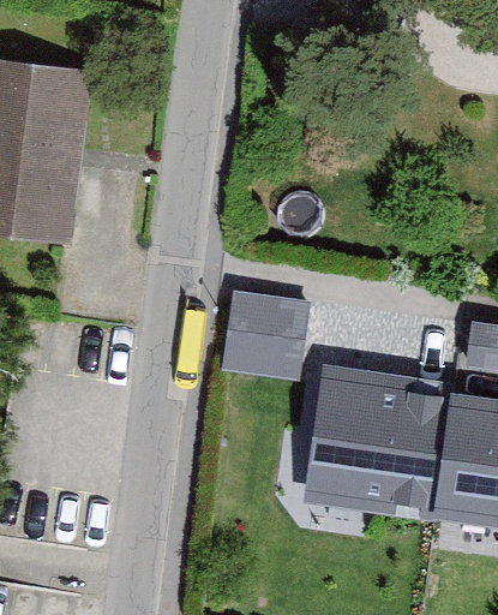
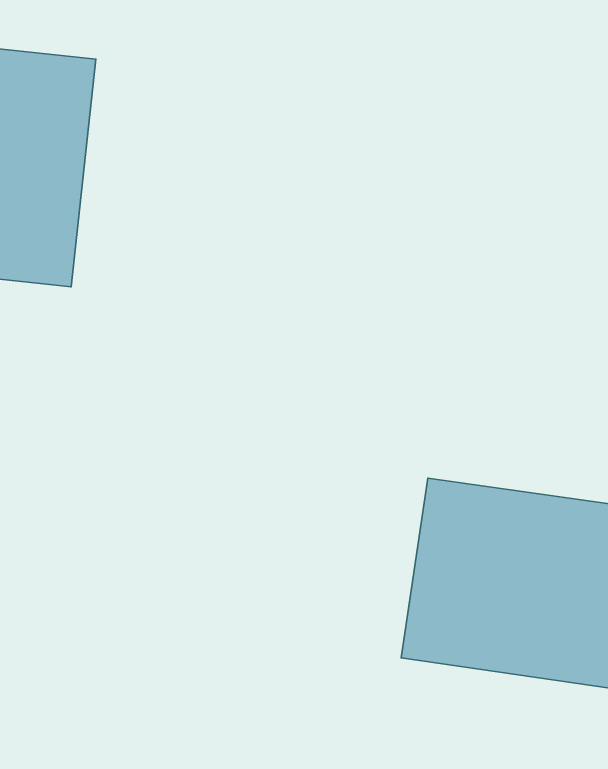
building: [224,292,311,381] -> none

